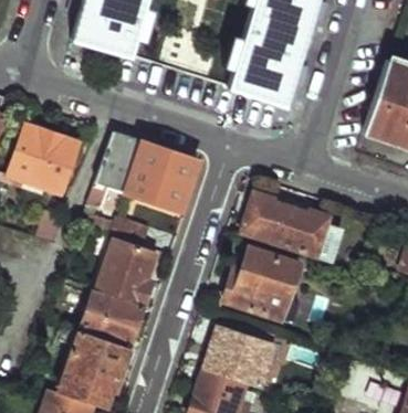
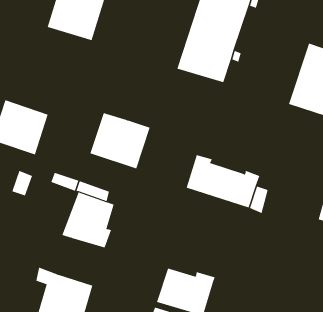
building: [86,131,143,208] -> none
building: [222,244,301,317] -> none
building: [88,290,145,347] -> none

